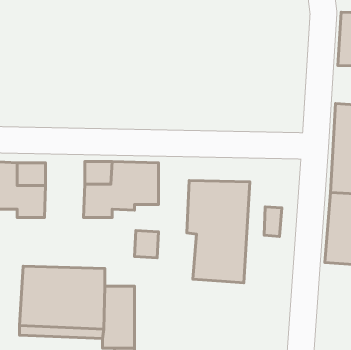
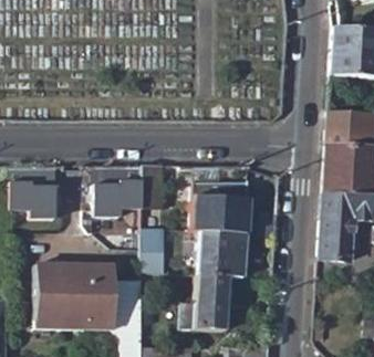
building: none -> [194,274,227,330]

